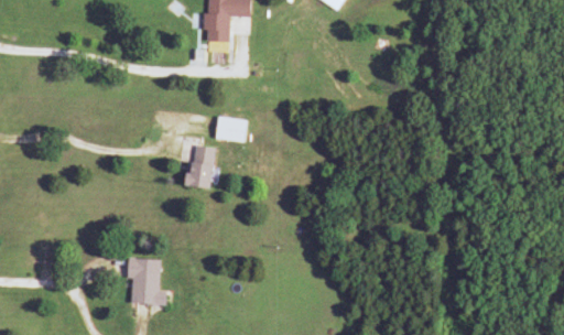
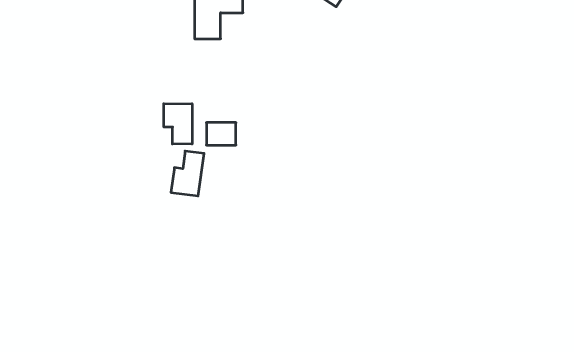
building: none -> [164,104,192,144]
building: [129,258,160,303] -> none

